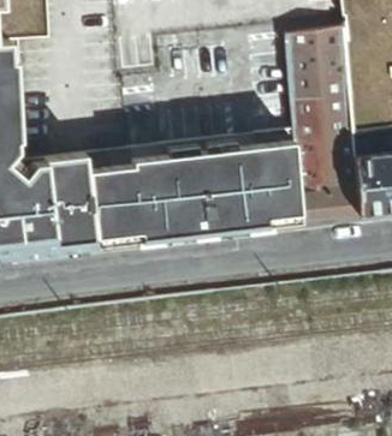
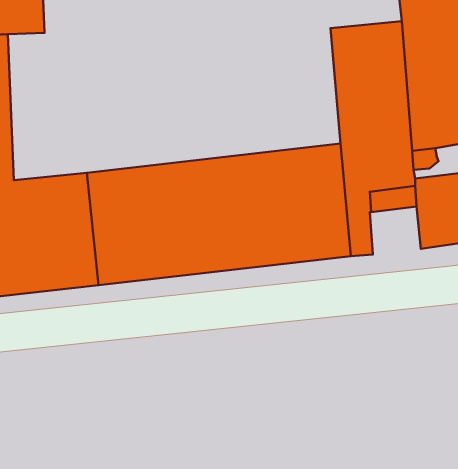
building: [316,181,358,221] -> none

